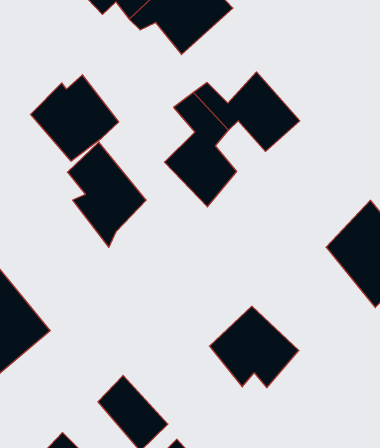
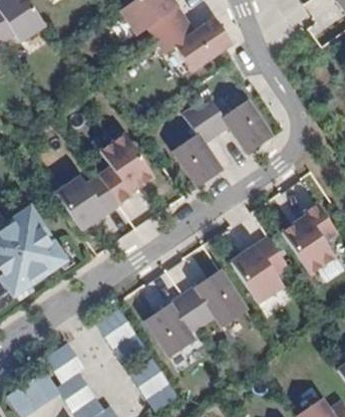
building: [30,75,119,161] -> [56,170,120,232]
building: none -> [230,233,289,307]
building: none -> [143,290,205,359]

